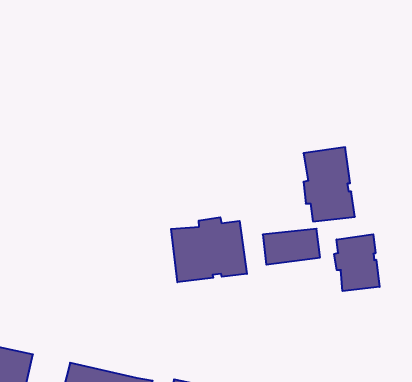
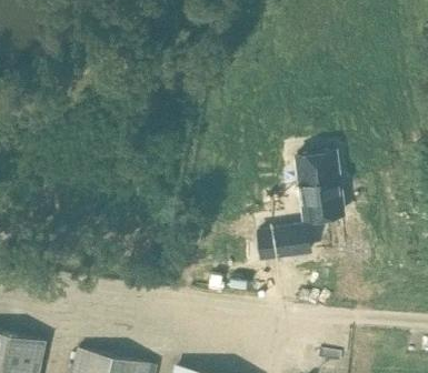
building: [171,217,247,282] -> none
building: [334,234,380,291] -> none

